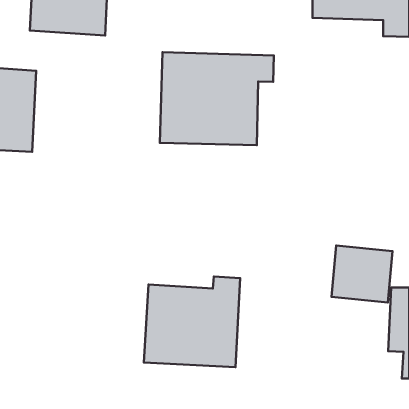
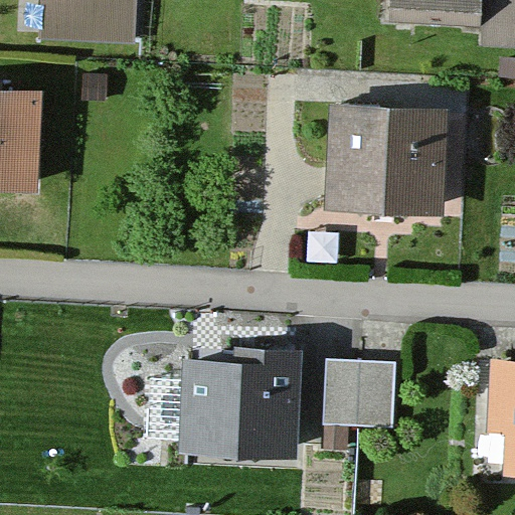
building: [160,52,274,145] -> none
building: none -> [330,106,451,213]
building: [331,245,392,303] -> [315,363,391,435]

